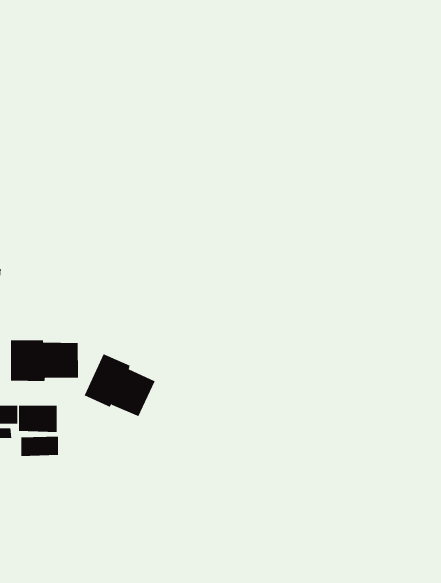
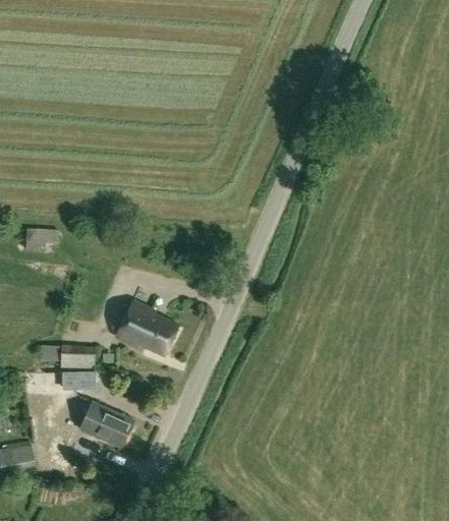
building: [10,339,78,382] -> none
building: none -> [80,402,132,448]

